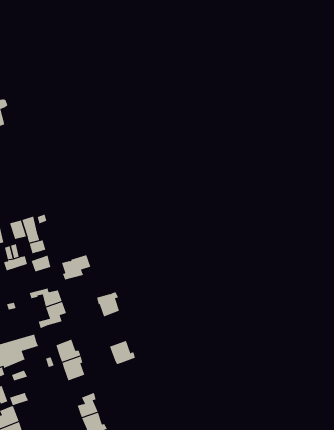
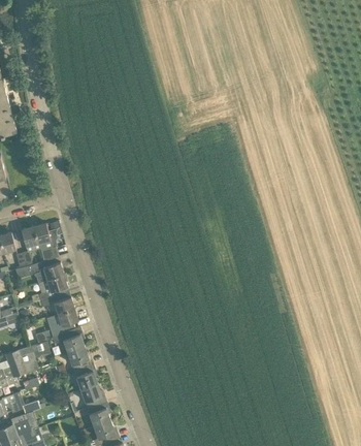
building: [61,254,91,280] -> [37,276,67,301]
building: [96,291,120,317] -> [60,328,84,354]
building: [109,340,136,365] -> [79,384,106,409]

